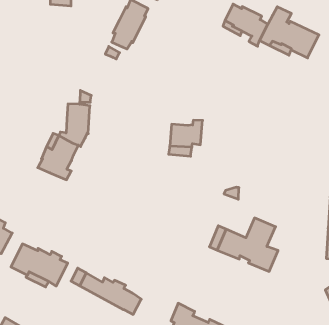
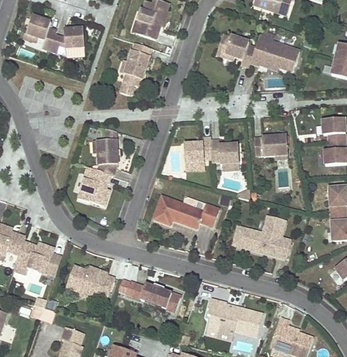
building: none -> [211,139,240,171]
building: none -> [255,134,288,155]
building: none -> [152,194,219,228]

